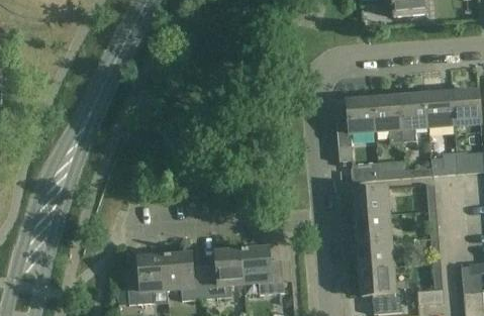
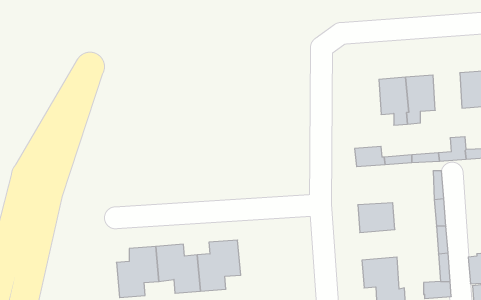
building: [427,91,455,126] -> none
building: [337,97,378,144] -> none
building: [354,187,389,216] -> none
building: [358,239,393,269] -> none
building: [241,247,285,294] -> none

